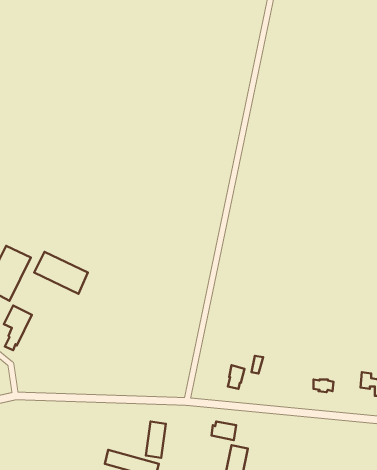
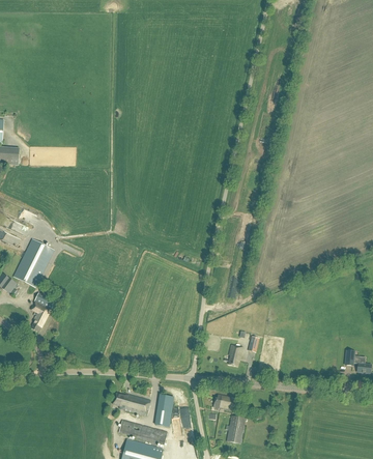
building: [34,252,88,294] -> none
building: none -> [113,393,150,415]

